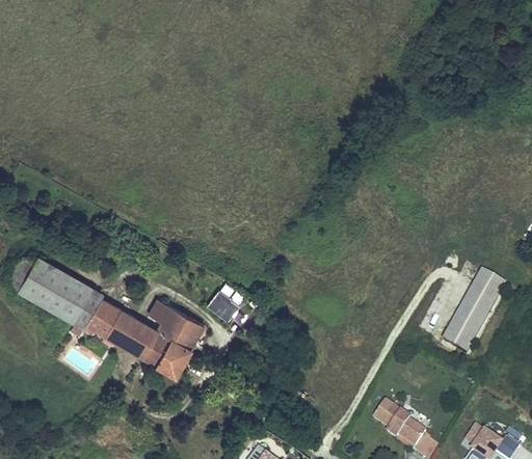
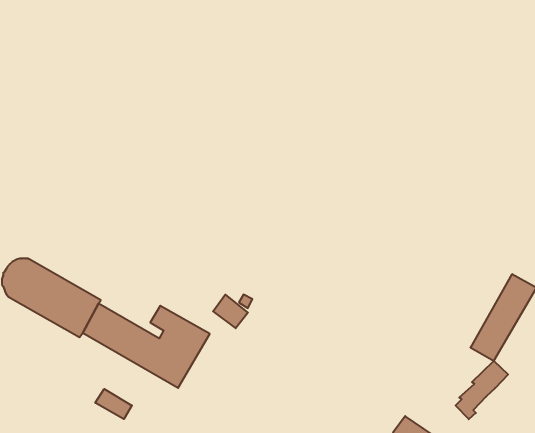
building: none -> [456,361,508,419]
building: none -> [95,389,132,419]

